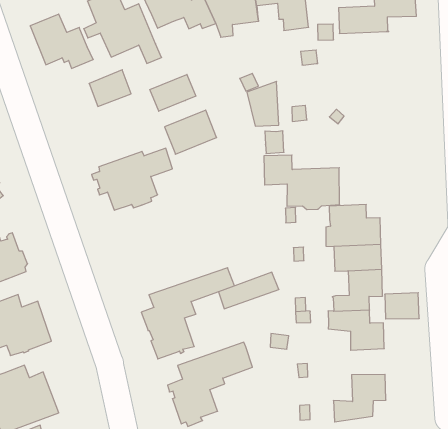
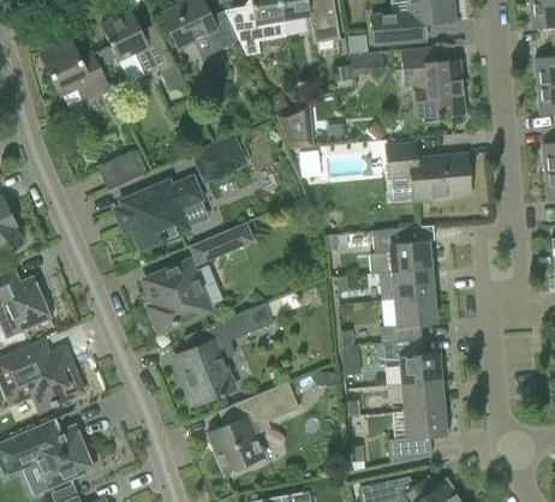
building: none -> [400,47,462,122]
building: [89,70,131,106] -> [97,150,143,191]
building: [150,74,196,111] -> none
building: [264,155,340,210] -> [386,144,470,202]
building: none -> [145,262,210,331]
building: [218,272,279,309] -> [190,223,255,265]
building: [385,293,419,319] -> [404,381,442,411]

